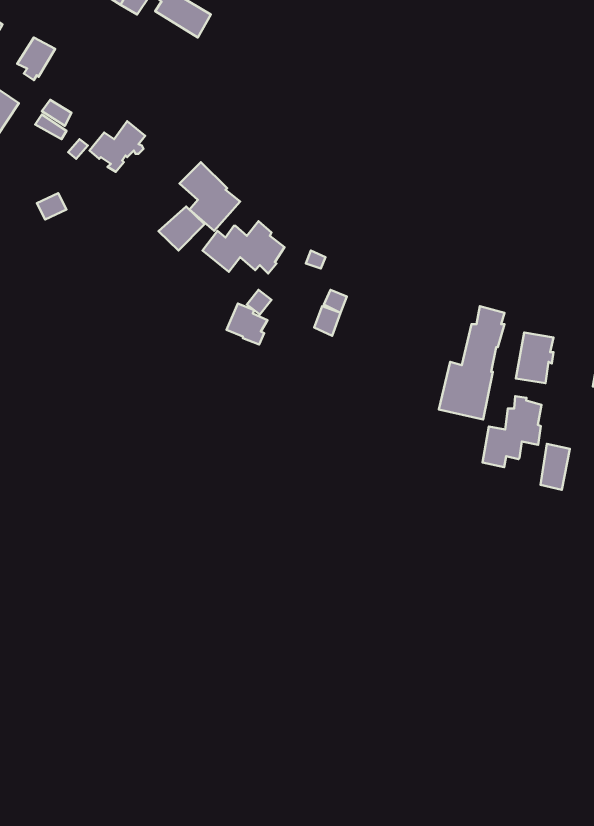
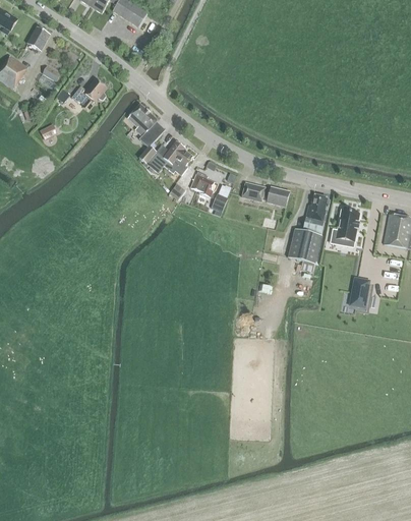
building: [159,206,205,250] -> none
building: none -> [244,182,289,207]
building: [226,304,267,345] -> [189,171,215,196]
building: [483,396,542,467] -> none

